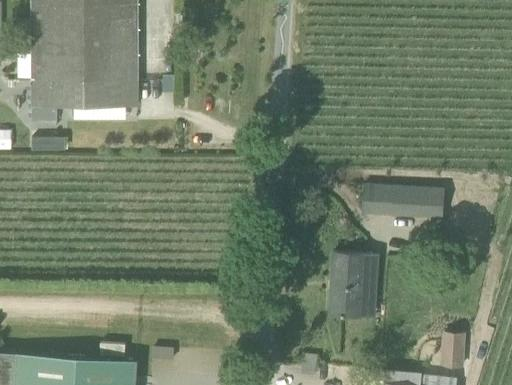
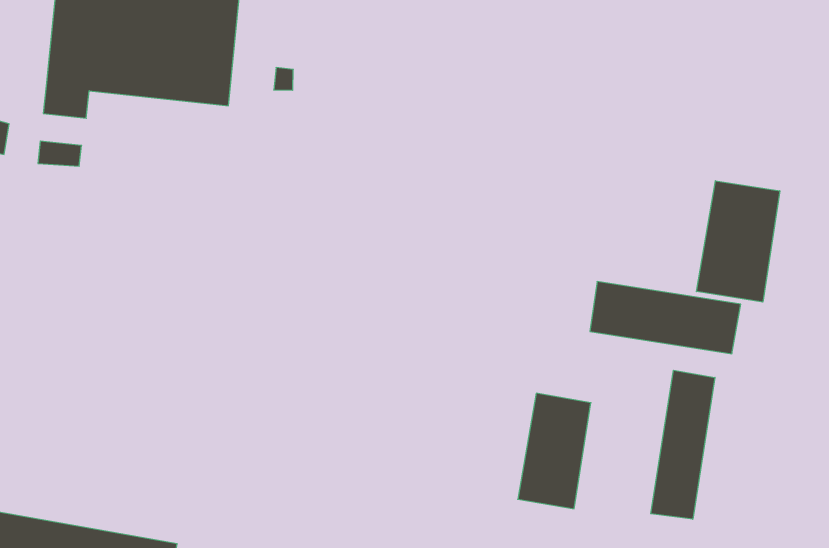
building: none -> [696,181,780,302]
building: none -> [651,370,715,519]

